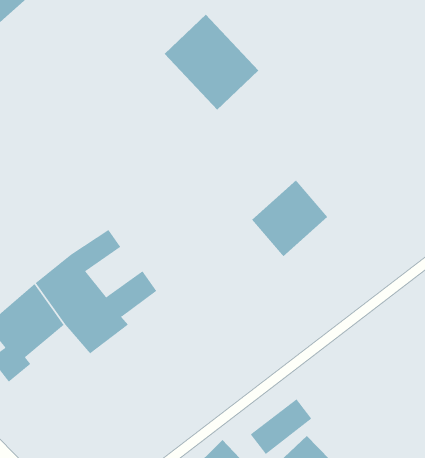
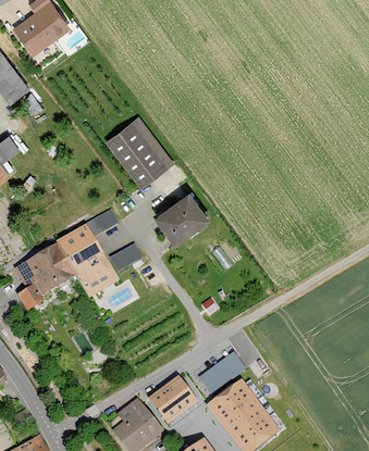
building: [164,14,259,110] -> [102,116,172,189]
building: [251,180,328,257] -> [149,190,207,247]

